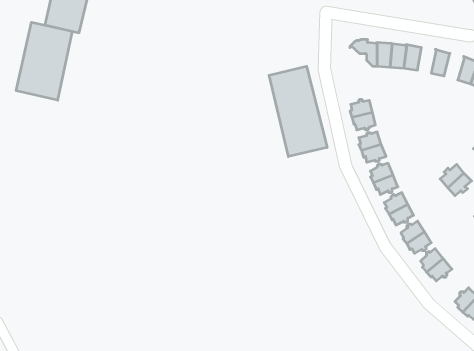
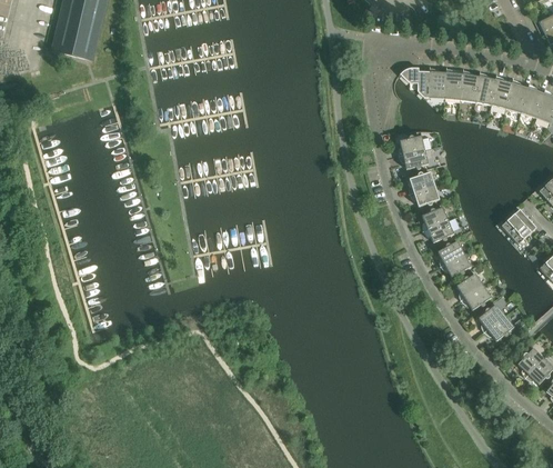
building: [16,22,72,100] -> none
building: none -> [476,74,497,104]
building: none -> [506,81,530,112]
building: [269,66,327,157] -> none

